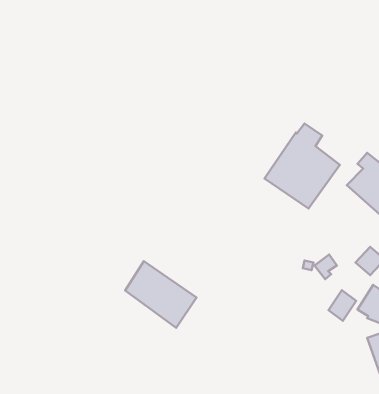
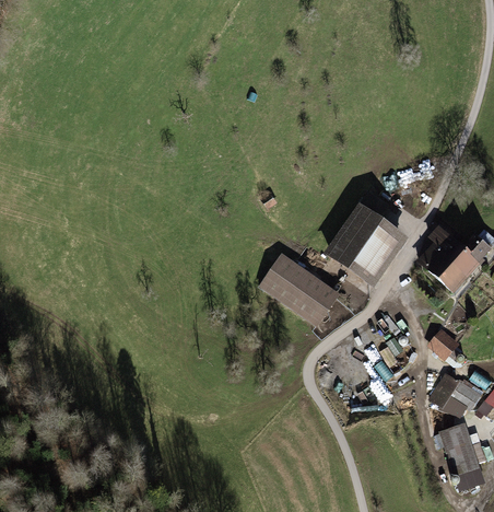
building: [125,261,197,328] -> [260,253,340,327]
building: [328,290,356,321] -> none

